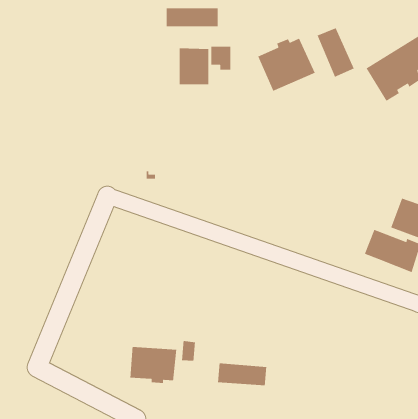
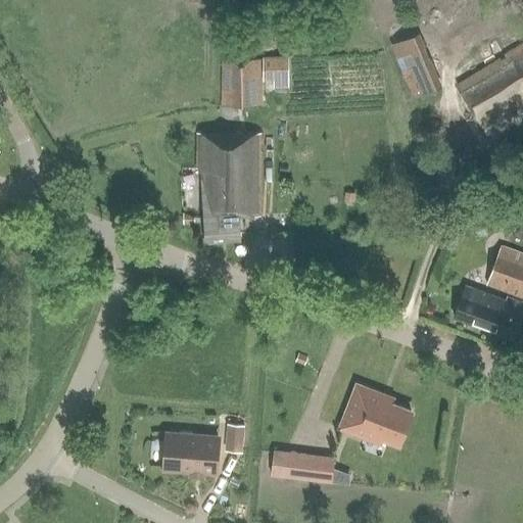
building: [166,7,219,27] -> none
building: [257,38,316,92] -> none
building: none -> [196,133,263,243]
building: none -> [337,381,415,447]

